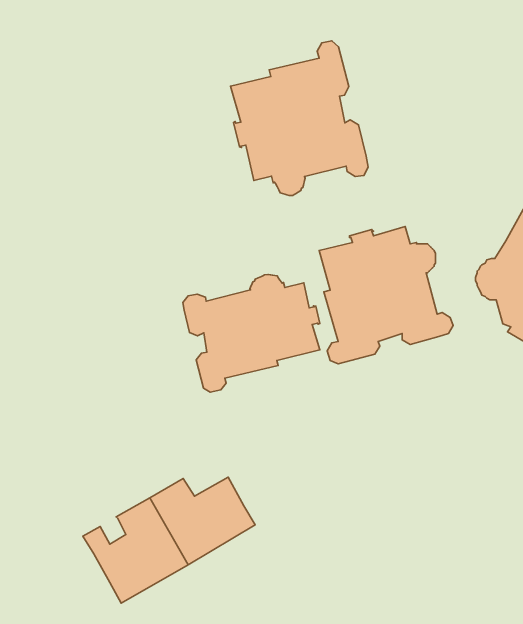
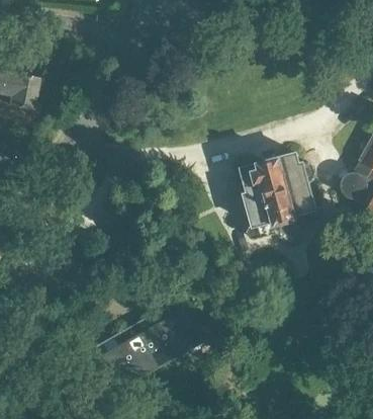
building: [231,41,368,196] -> none
building: [183,275,320,392] -> none

